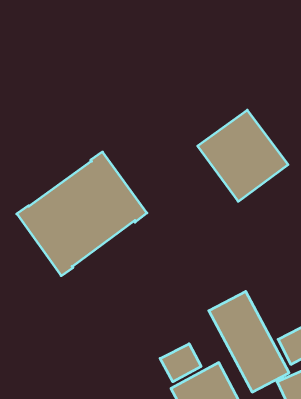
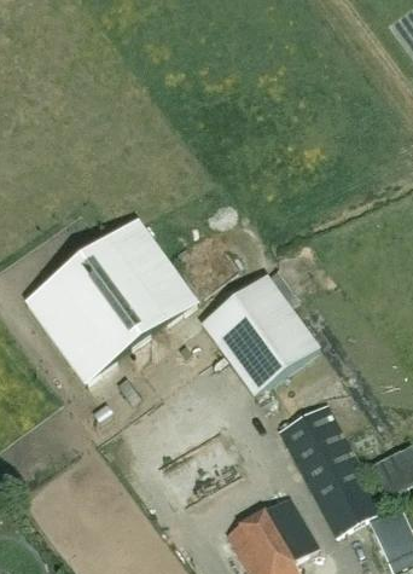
building: [198,110,288,201] -> [200,274,319,394]
building: [160,344,201,382] -> none

